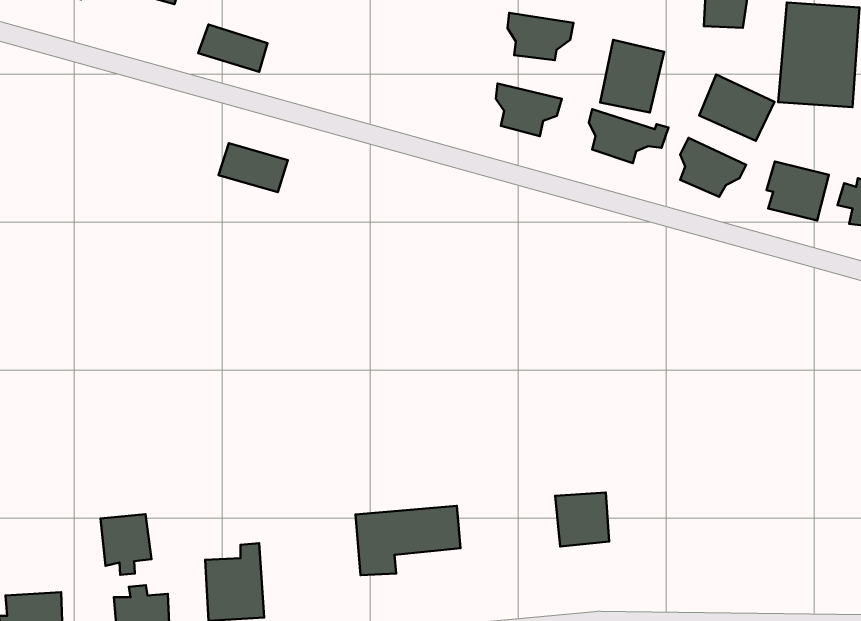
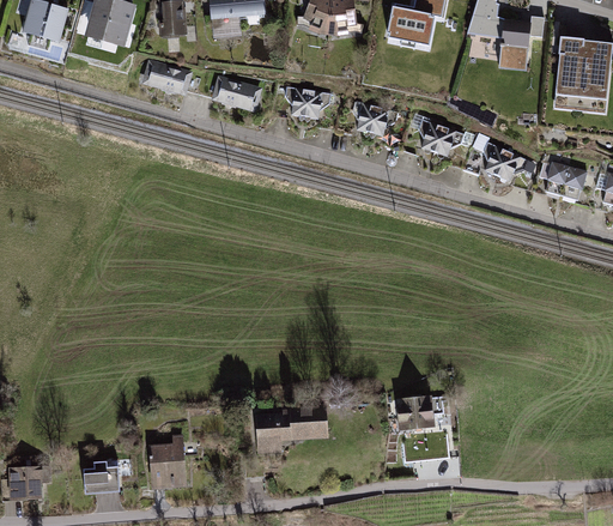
building: [507,13,573,60] -> [286,86,333,120]
building: [600,40,664,112] -> none
building: [699,75,774,141] -> none
building: [219,143,288,192] -> [212,77,261,111]
building: [100,514,152,575] -> none

